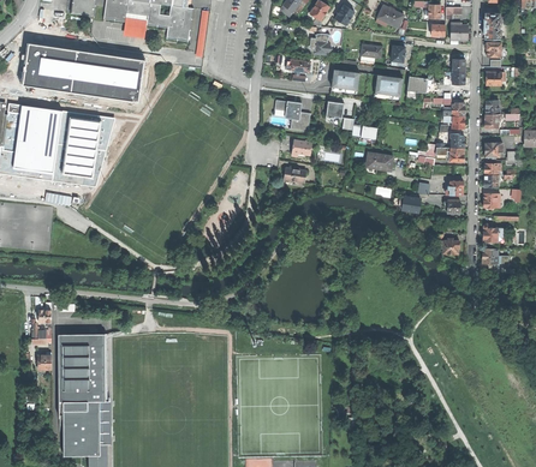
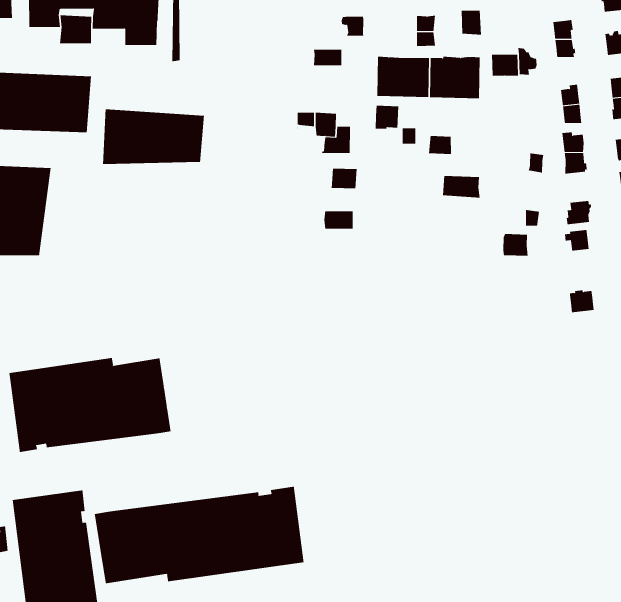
building: none -> [103,109,205,165]
building: none -> [9,357,171,453]
building: none -> [94,486,304,584]

